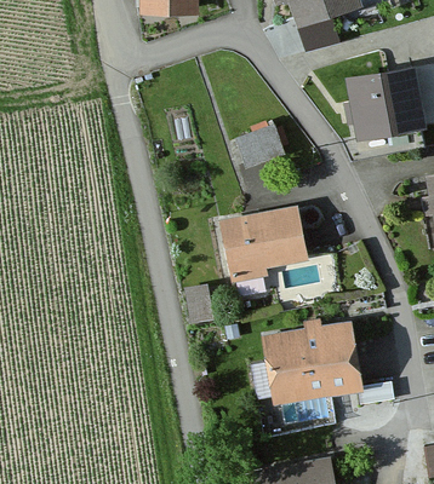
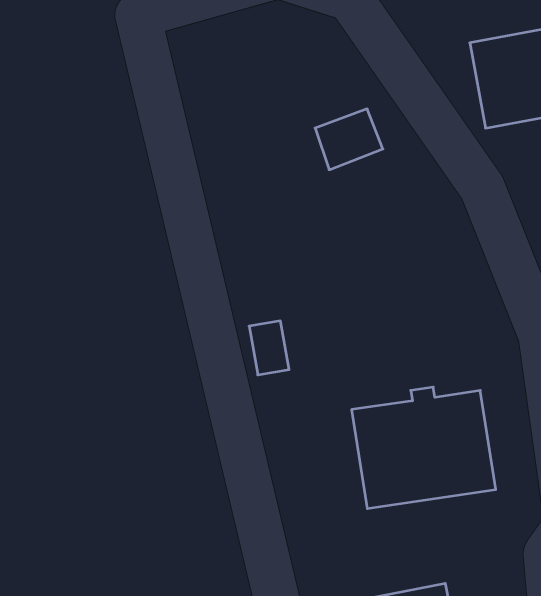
building: [219,207,304,281] -> none

